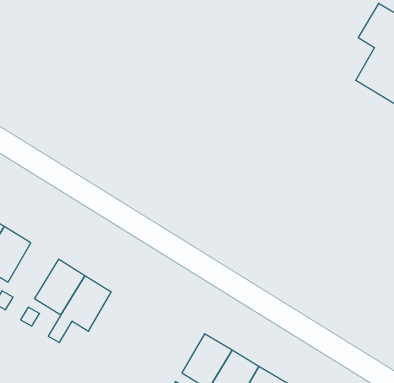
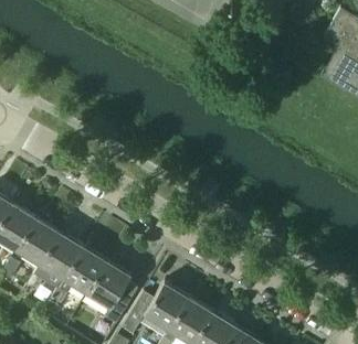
building: none -> [17,218,61,267]
building: none -> [87,261,138,325]
building: none -> [123,283,189,335]

